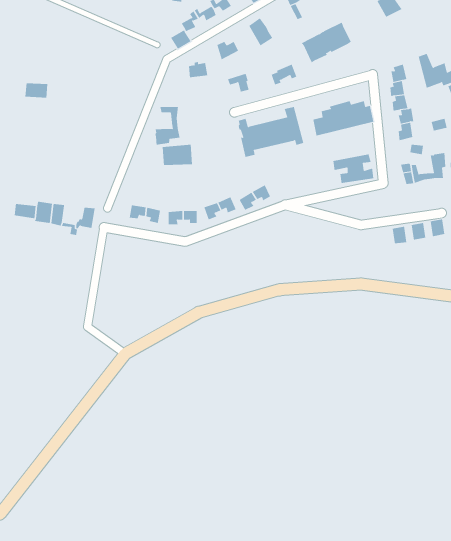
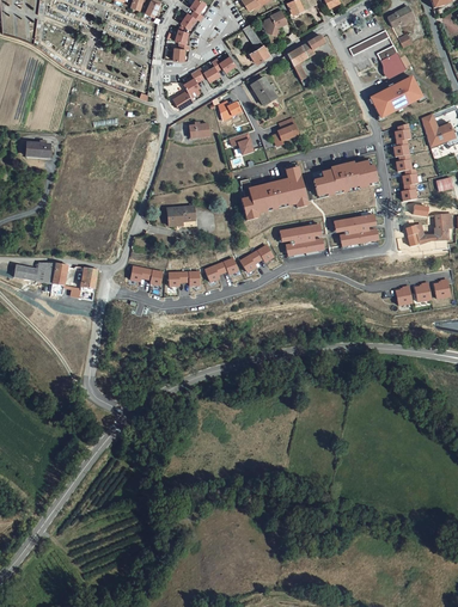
building: [301,22,352,63] -> [370,75,421,117]
building: [155,106,180,145] -> none
building: none -> [281,223,324,253]

